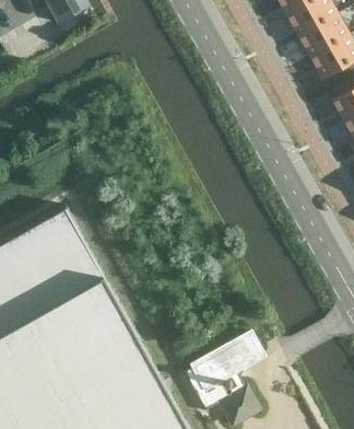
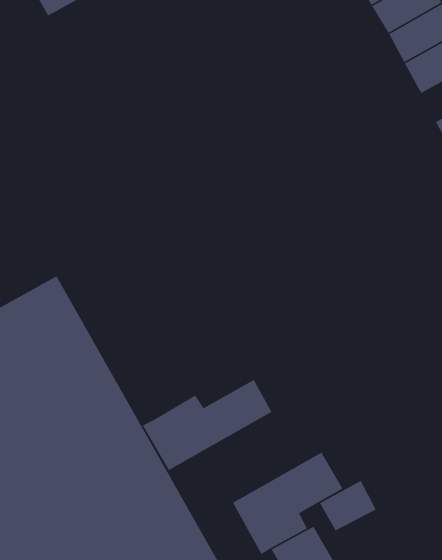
building: none -> [142,379,273,471]
building: none -> [319,480,377,531]

